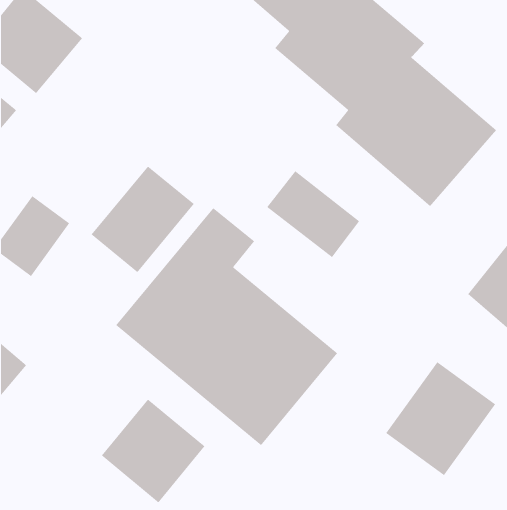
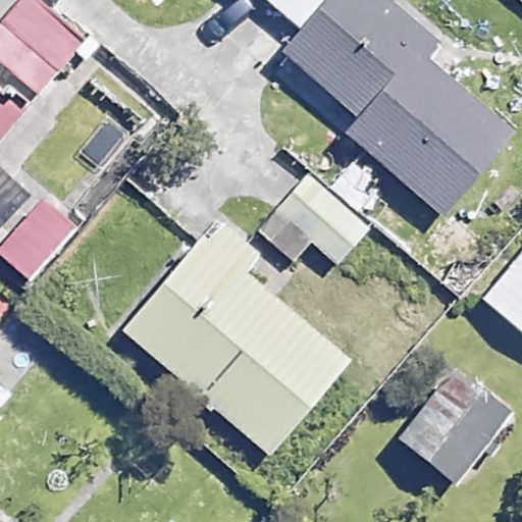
building: [91,165,195,273] -> none
building: [101,398,206,503] -> none

